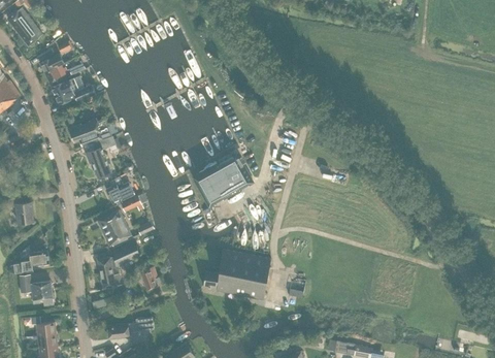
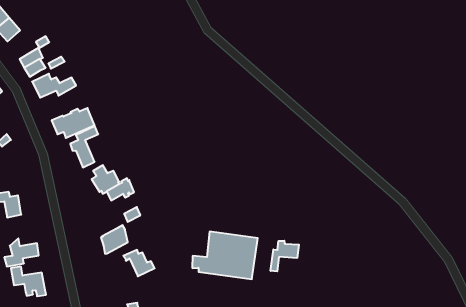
building: [193,154,252,206] -> none
building: [96,210,130,249] -> none
building: [97,257,121,288] -> none
building: none -> [271,241,299,271]

